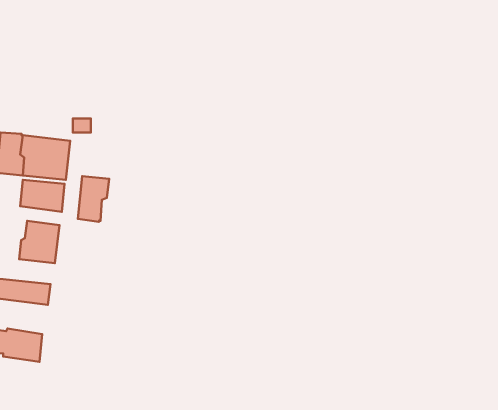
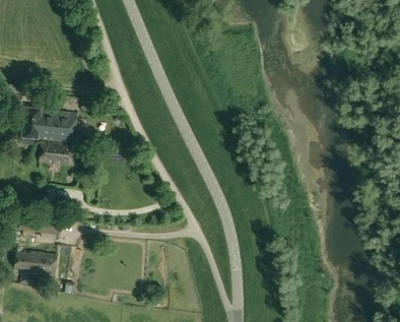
building: [78,176,109,222] -> none
building: [19,221,59,263] -> none

